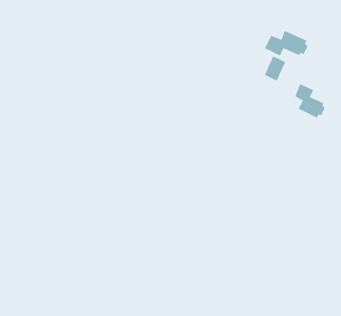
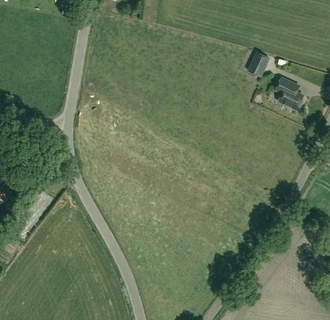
building: [264,30,308,56] -> none

